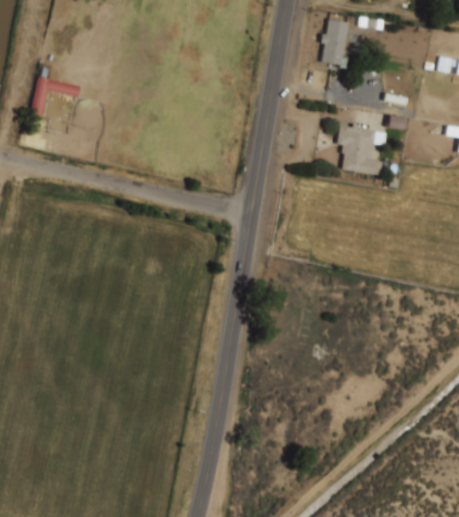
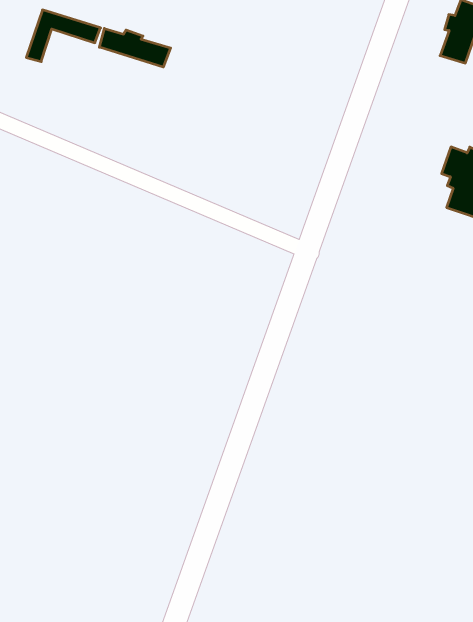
building: none -> [99,28,171,67]

